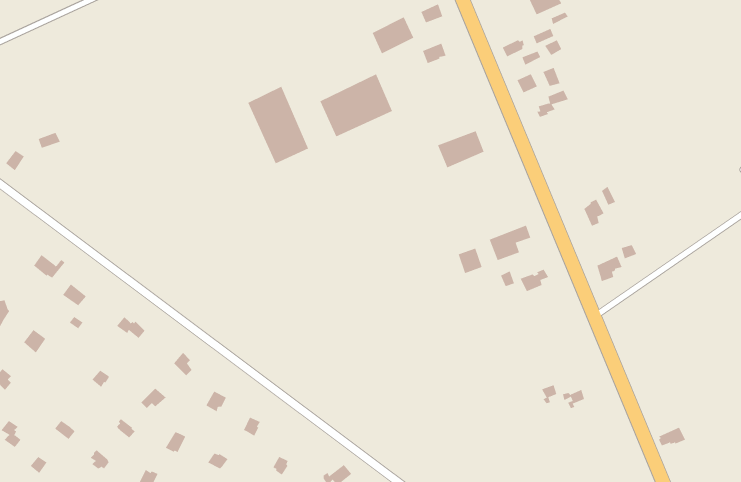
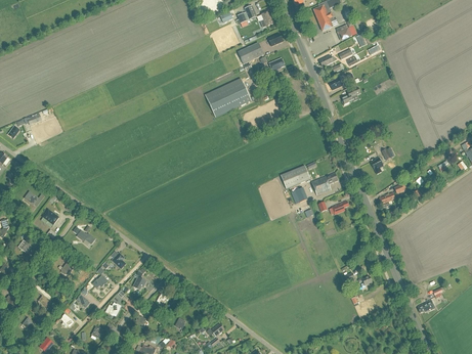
building: [247,86,309,164] -> none
building: [437,131,484,168] -> [281,165,310,188]

